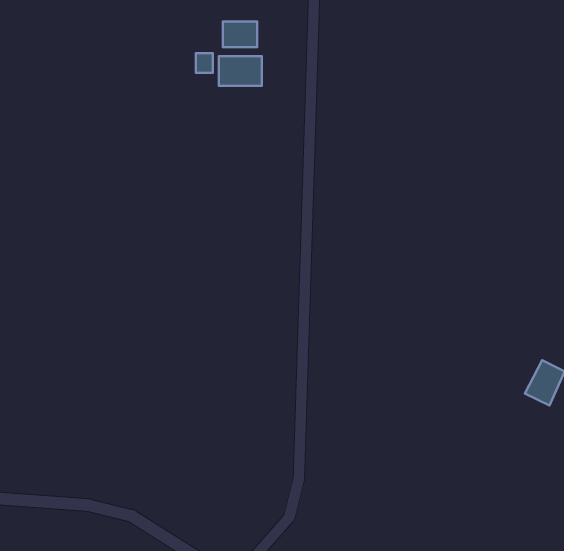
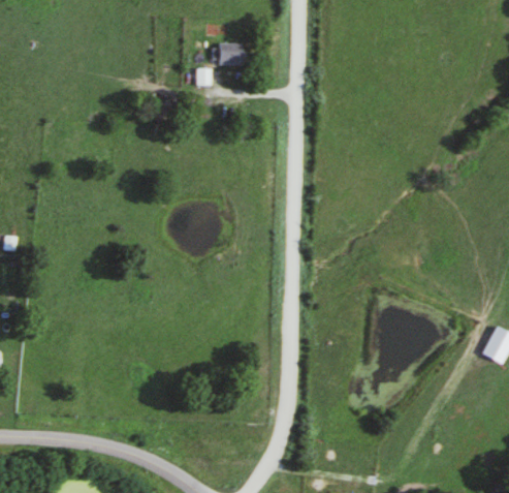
building: [219,56,262,86] -> none

